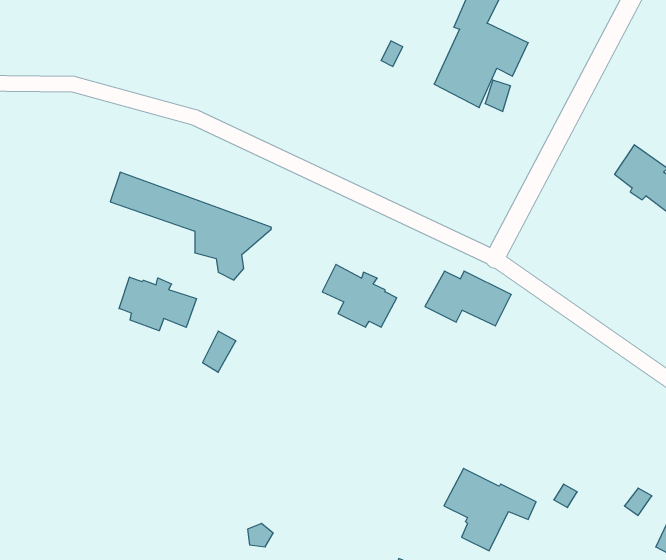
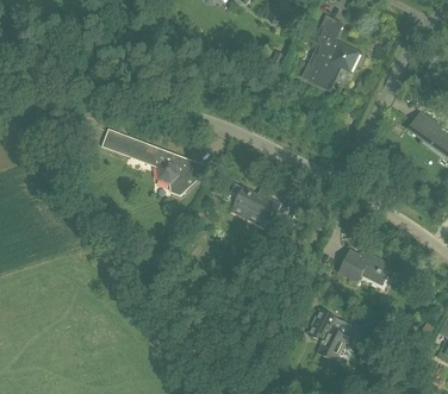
building: [425,271,511,326] -> [338,250,391,283]
building: [119,277,197,331] -> none

